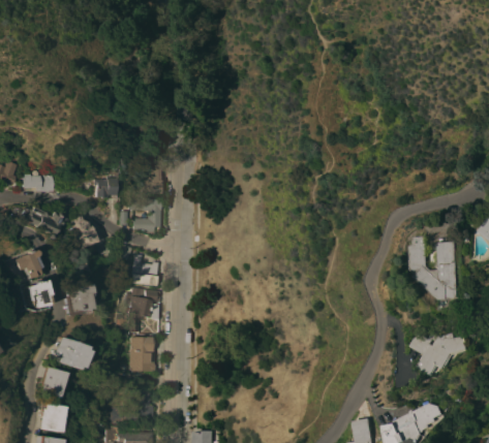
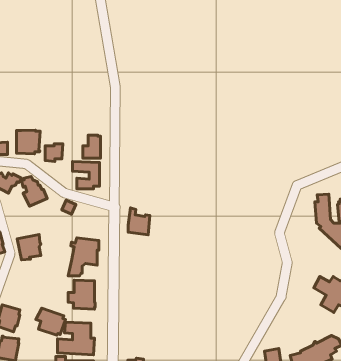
building: none -> [16,130,40,154]
building: [132,253,158,285] -> [128,208,150,235]
building: [54,337,89,369] -> [36,308,66,335]

